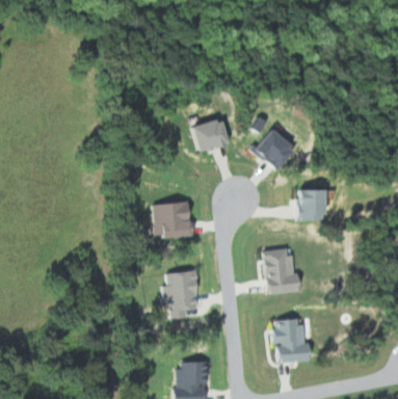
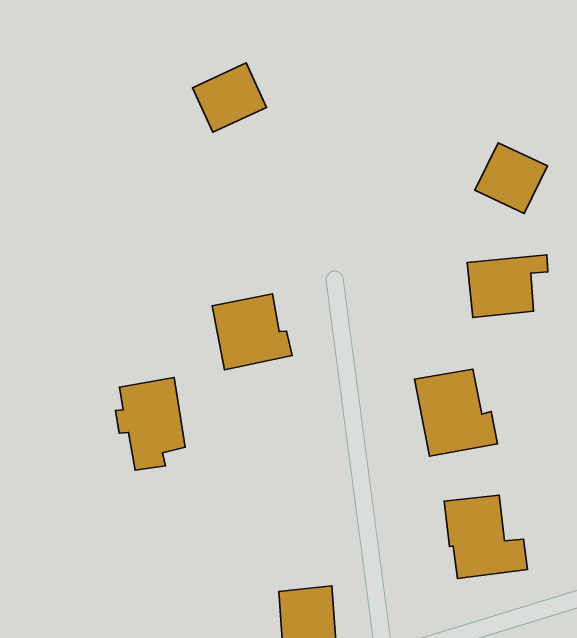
building: [188,116,228,153] -> [192,63,266,132]
building: [251,128,292,167] -> [475,143,548,213]
building: [165,269,202,318] -> [115,377,185,470]

